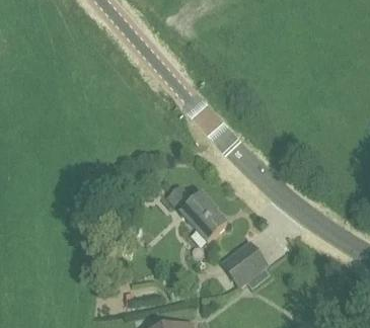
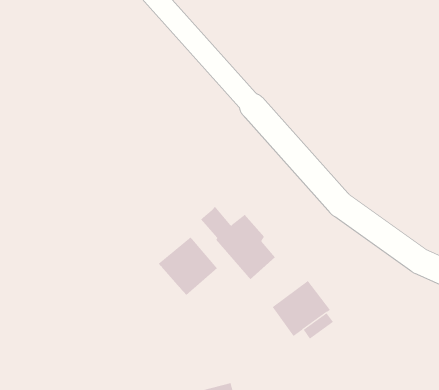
building: none -> [158,236,218,296]

